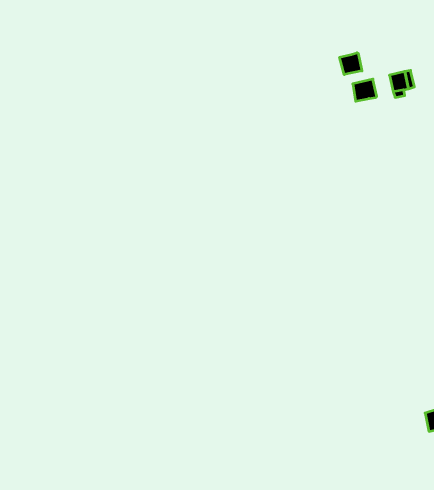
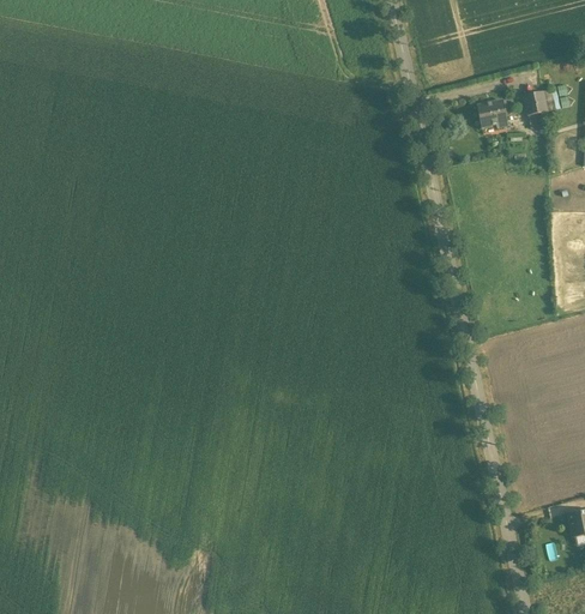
building: [340,53,362,75] -> none

